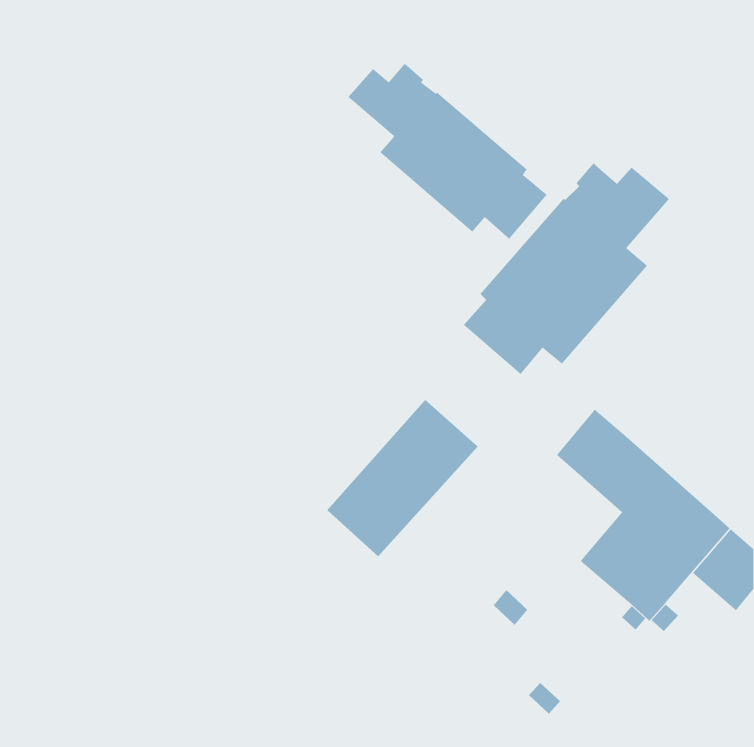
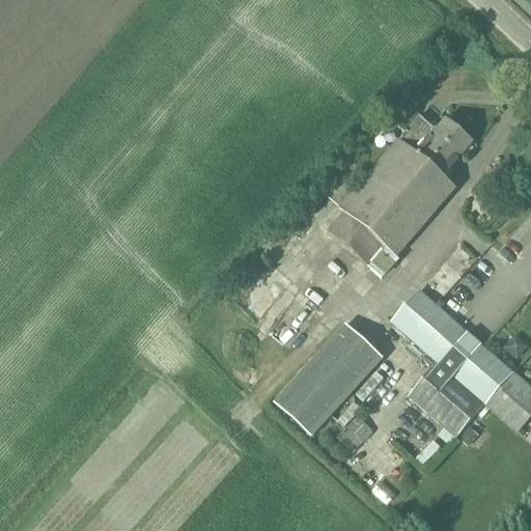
building: [347,63,547,239] -> none
building: [326,399,478,557] -> [274,324,381,435]

